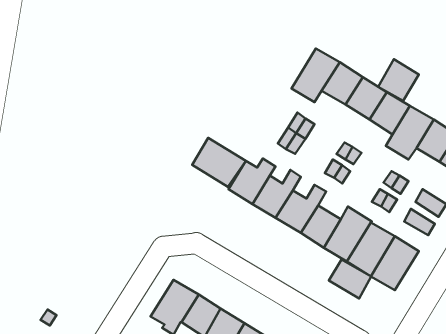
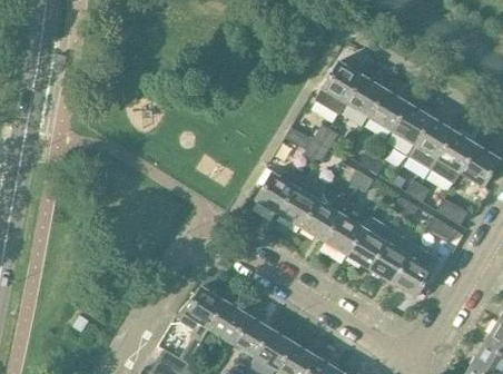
building: [378,59,419,101] -> none
building: [192,138,246,187] -> none
building: [329,259,371,299] -> none

